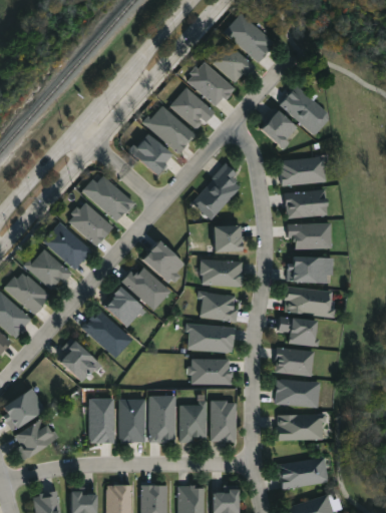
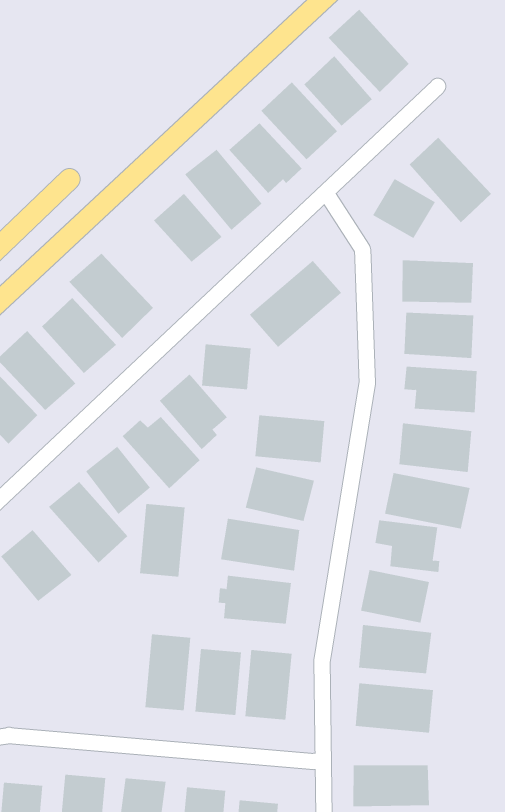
building: [213,226,241,251] -> [201,344,252,390]
building: [89,399,114,443] -> none
building: [120,400,144,442] -> [139,503,186,577]

